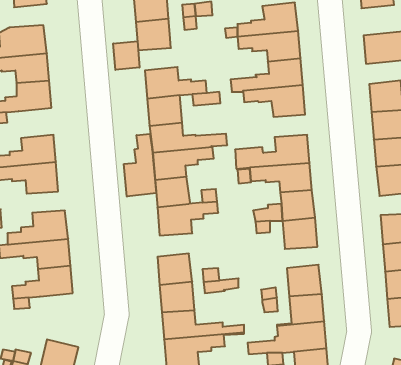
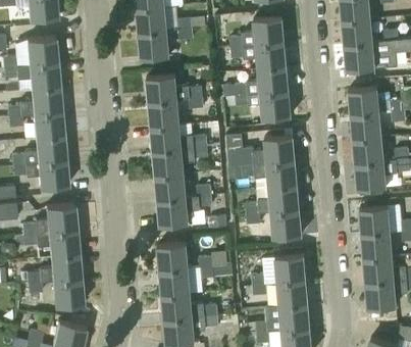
building: none -> [342,18,373,46]
building: [113,41,139,70] -> none
building: none -> [32,111,63,139]
building: [124,134,156,197] -> none
building: none -> [51,279,83,307]

